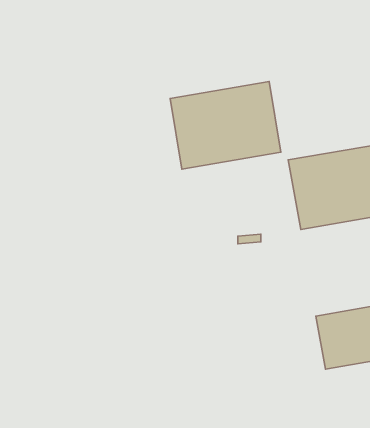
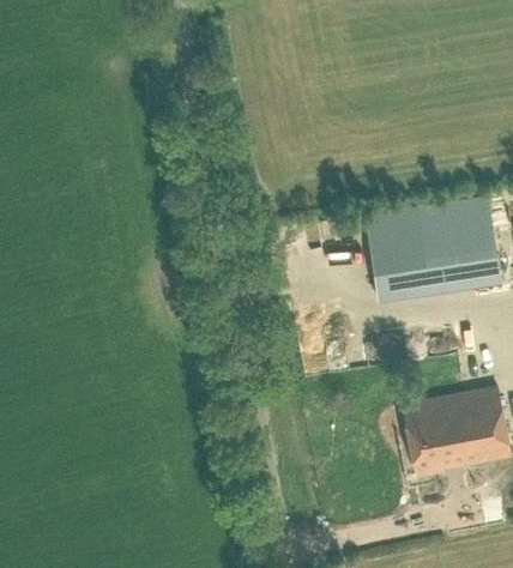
building: [170,81,281,169] -> none

